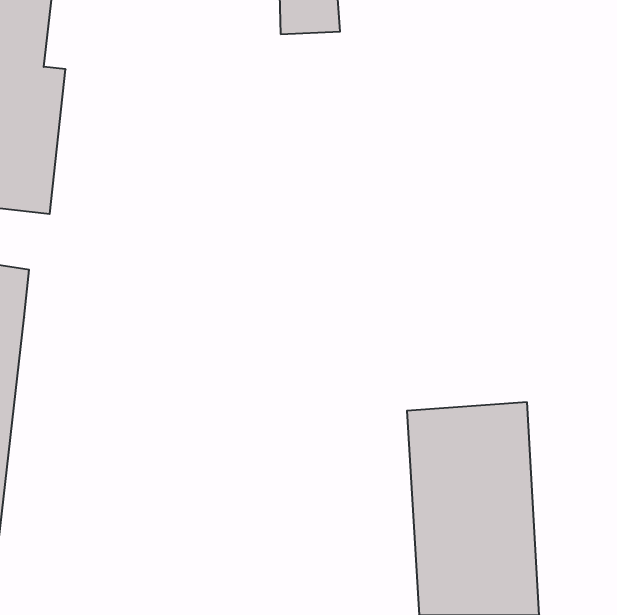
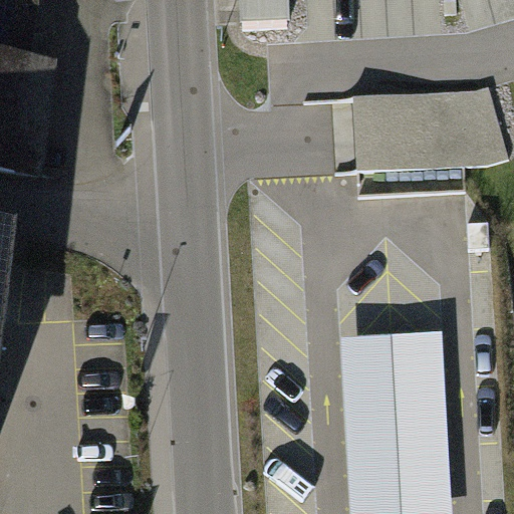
building: none -> [352,87,505,174]

